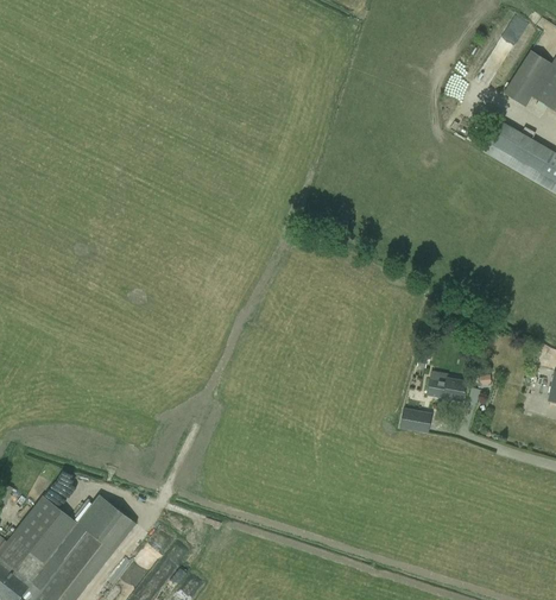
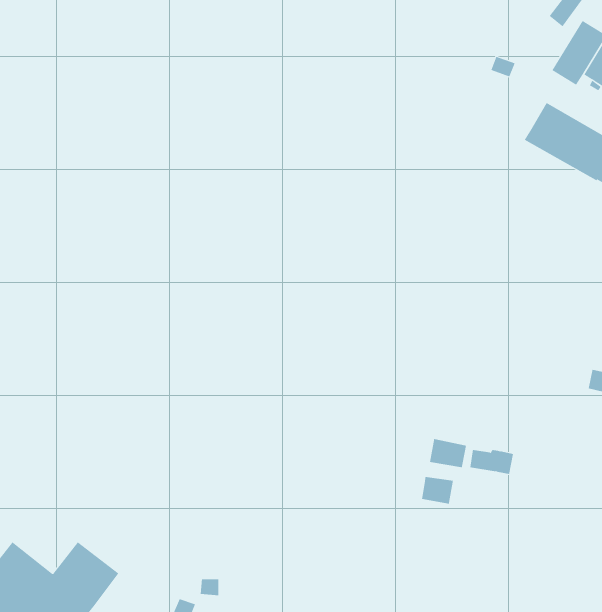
building: [429,379,467,400] -> [469,450,514,475]
building: none -> [421,476,453,505]

